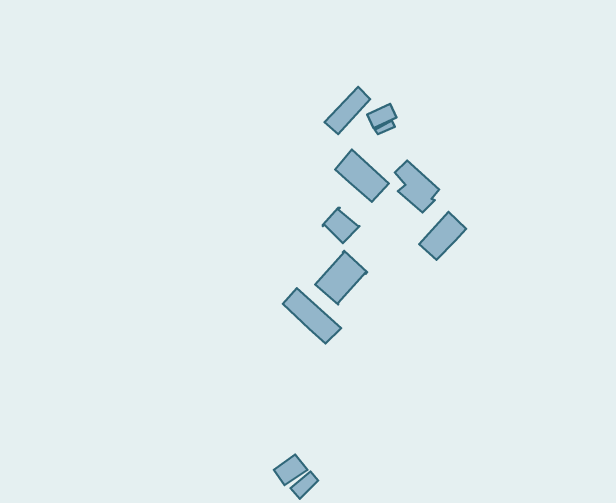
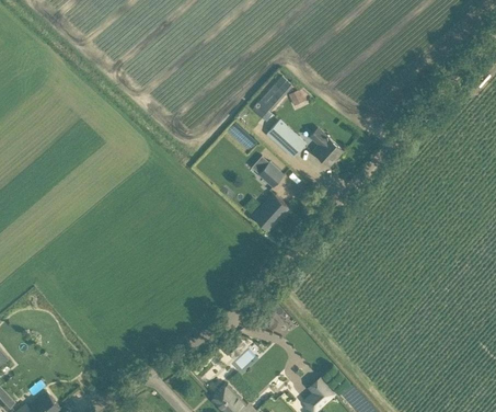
building: [419,212,466,260] -> none
building: [283,288,341,344] -> none

